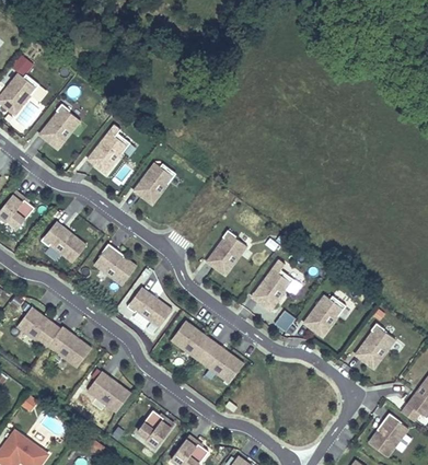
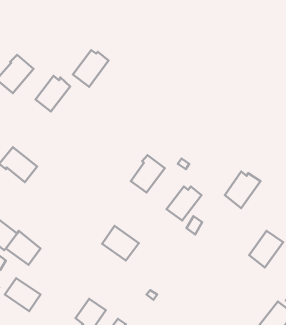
building: [130,161,175,207] -> [73,50,108,87]
building: [92,244,137,286] -> none
building: [125,287,171,328] -> none
building: [301,294,346,340] -> [225,172,260,208]
building: [198,340,245,385] -> none
building: [85,371,130,412] -> [5,278,40,311]

